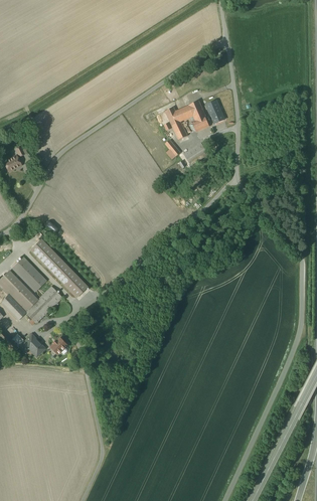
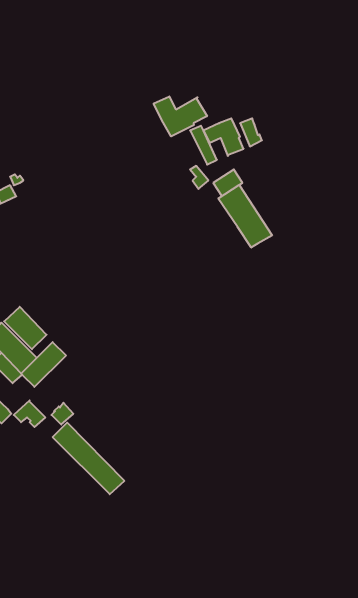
building: none -> [154,96,207,136]
building: none -> [218,185,272,248]
building: [29,238,89,298] -> [53,423,124,494]

